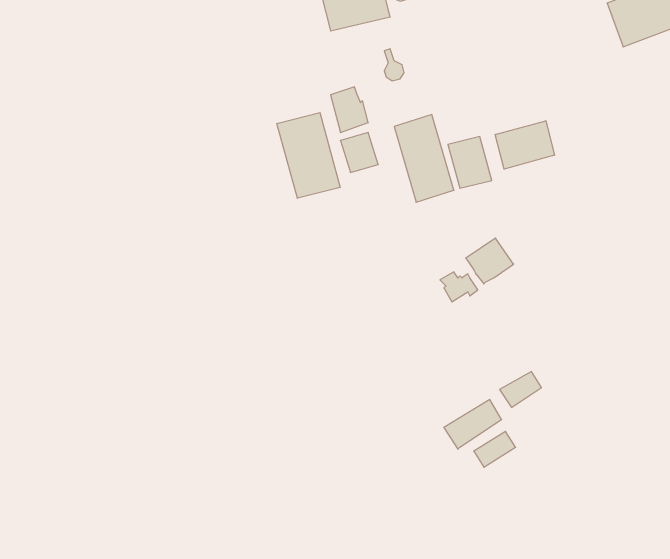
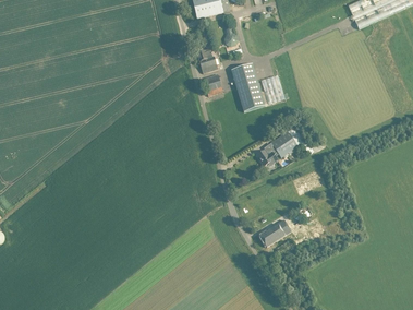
building: [277,113,340,198] -> none
building: [495,121,555,169] -> none

